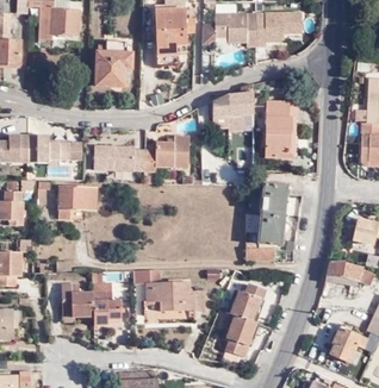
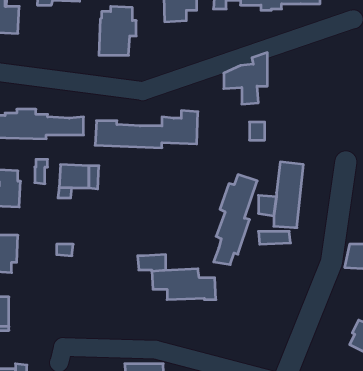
building: [268,105,296,161] -> none
building: [224,281,265,364] -> [214,175,257,265]
building: [63,283,123,326] -> none

